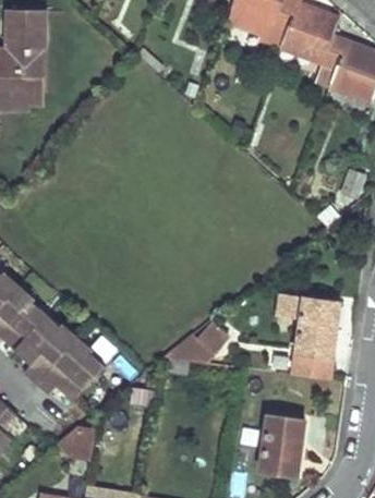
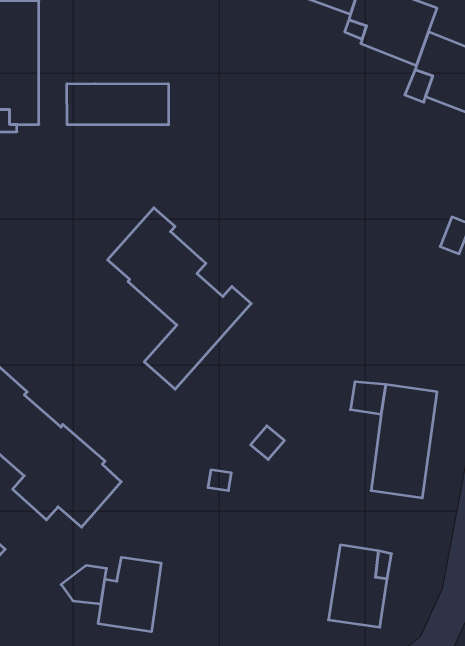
building: none -> [67,84,169,125]
building: none -> [108,208,251,389]
building: none -> [98,557,161,632]

